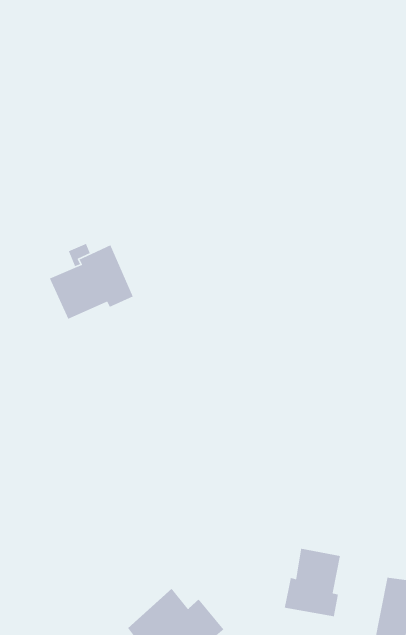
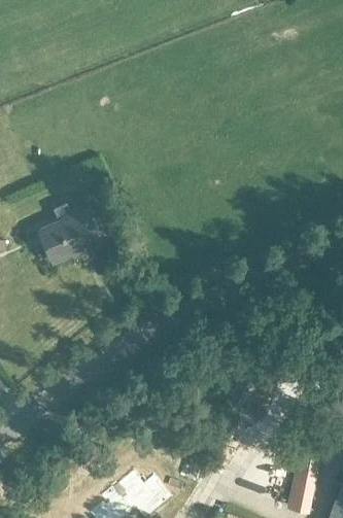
building: [284,548,341,617] -> none

